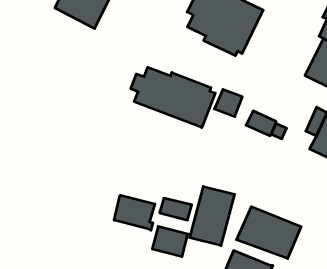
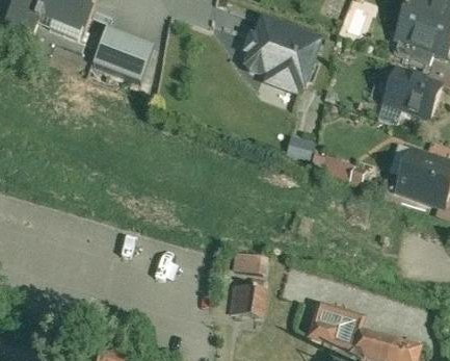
building: [131,67,215,128] -> none
building: [190,186,235,246] -> none
building: [114,195,155,230] -> none
building: [236,207,301,259] -> none

